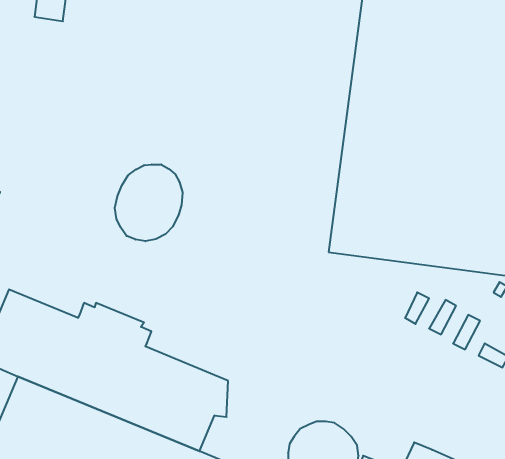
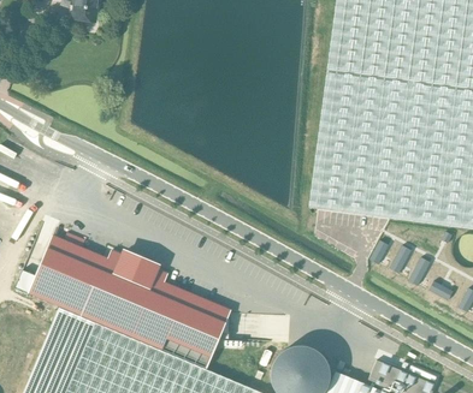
building: [115,164,183,241] -> none

